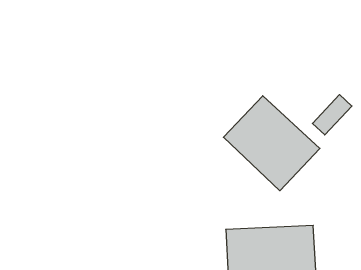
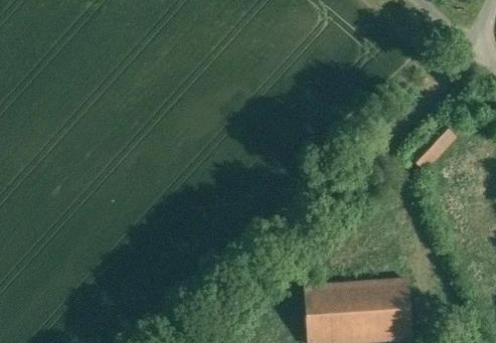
building: [223,96,320,191] -> none

